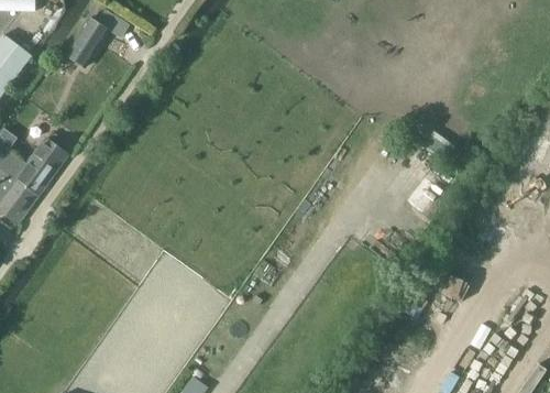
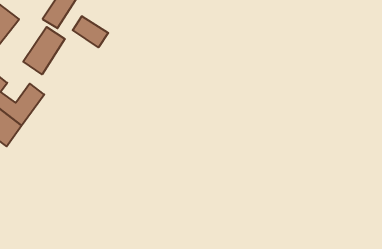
building: none -> [73,16,108,47]
building: none -> [23,27,65,74]

